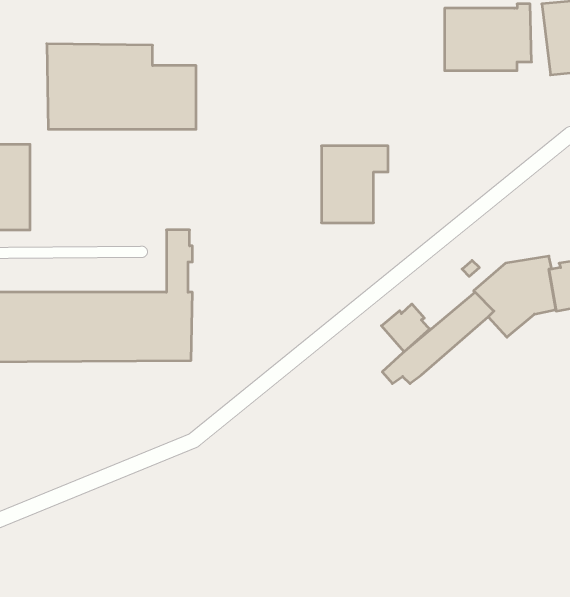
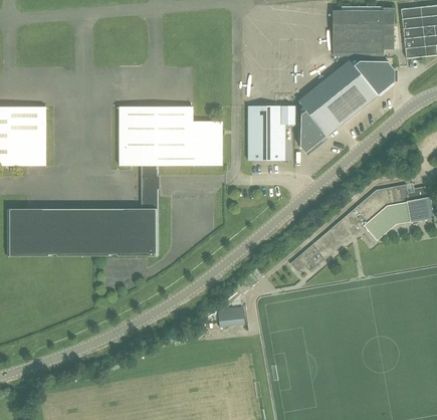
building: [47,44,196,129] -> [119,106,222,165]
building: none -> [298,56,394,154]
building: [381,304,430,352] -> none
building: none -> [217,306,244,327]

